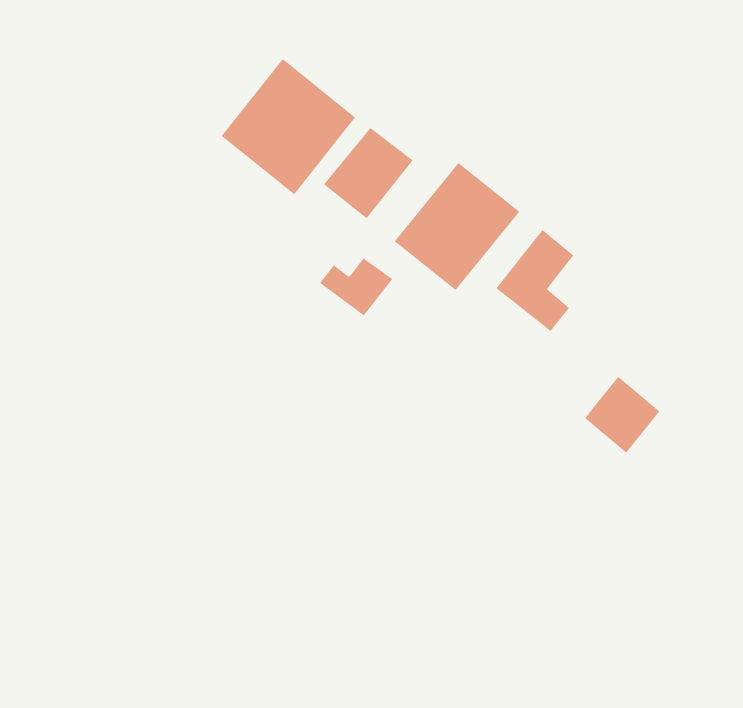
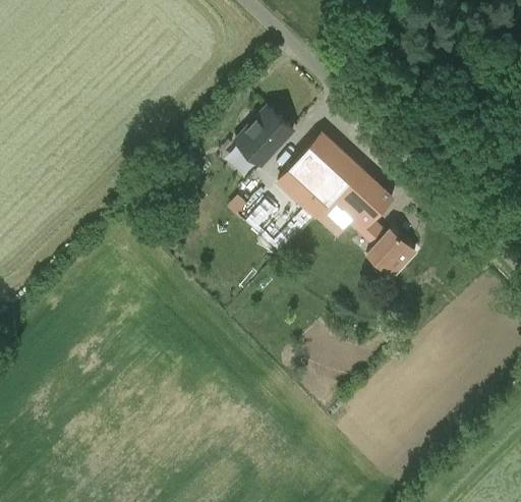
building: [221,58,356,195] -> none
building: [584,376,660,453] -> [367,229,416,279]

